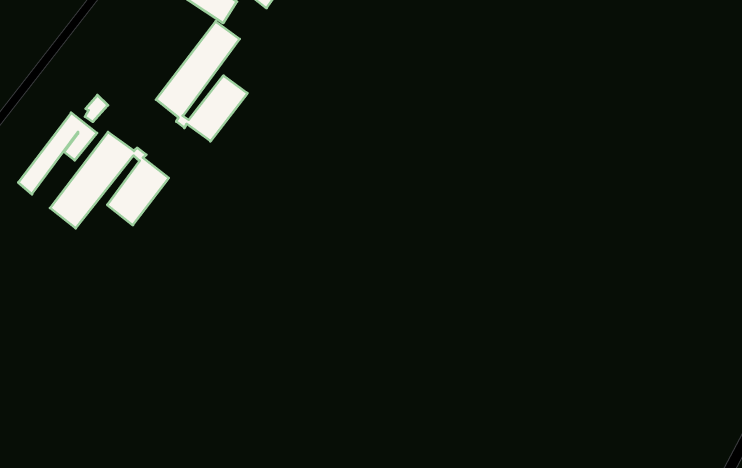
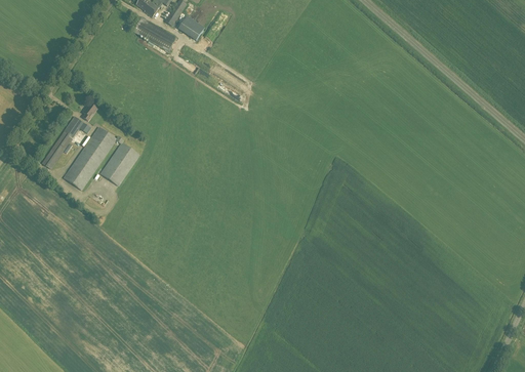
building: [156,21,247,141] -> none

